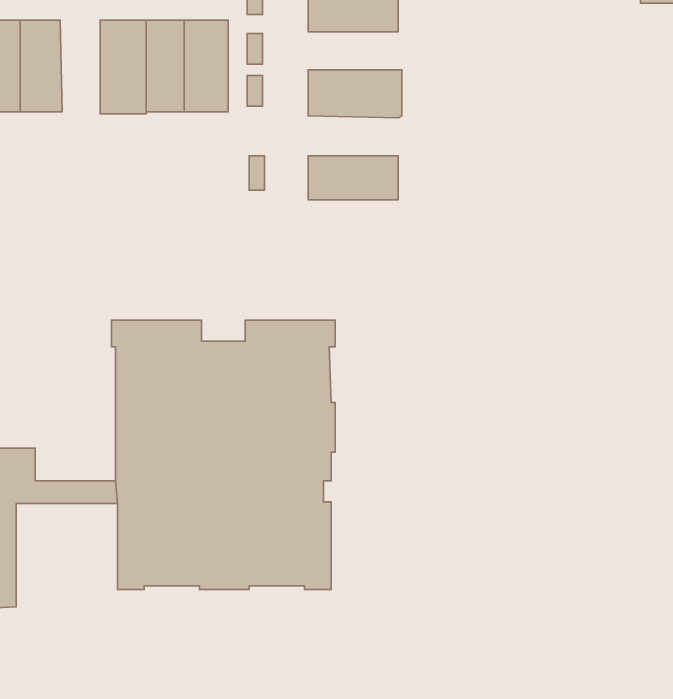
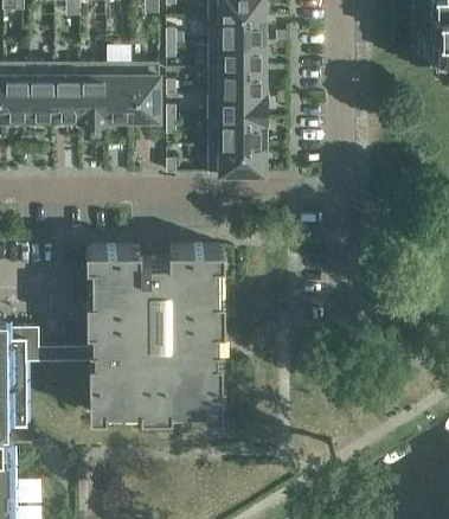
building: none -> [53,64,78,121]
building: none -> [207,71,263,95]
building: none -> [207,123,263,148]

